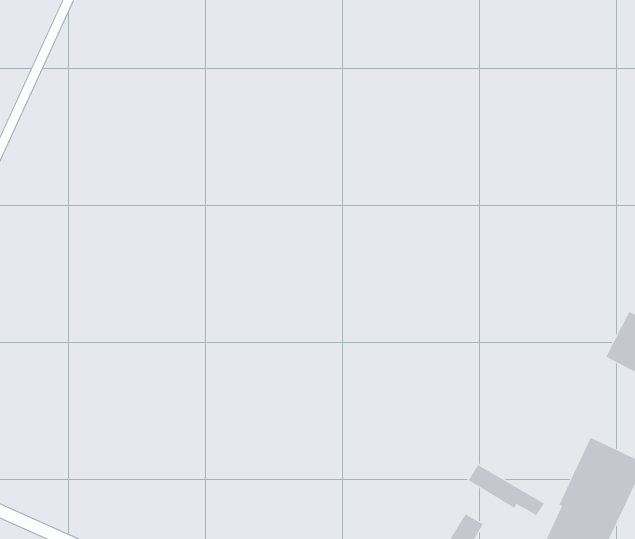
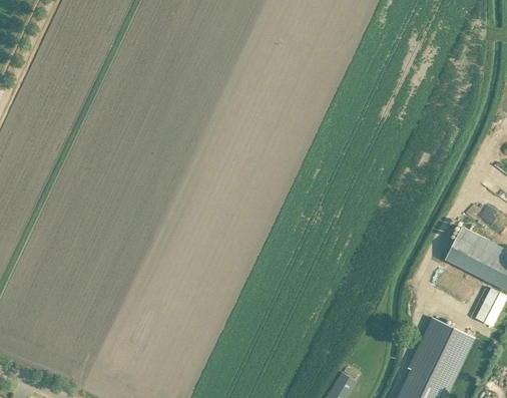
building: [468,464,545,516] -> none

